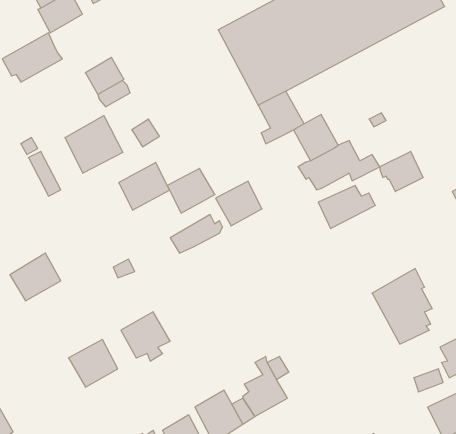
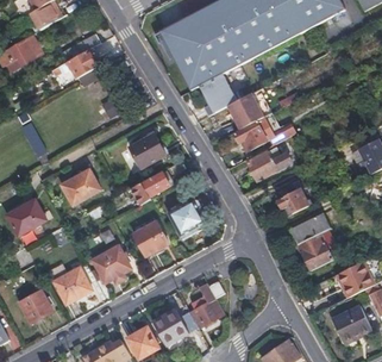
building: [65,116,123,173] -> none
building: [380,151,423,192] -> [273,186,306,217]
building: [119,162,170,210] -> [62,170,101,207]
building: [216,181,262,226] -> [170,200,206,235]
building: none -> [131,220,169,256]
building: none -> [20,289,54,323]

